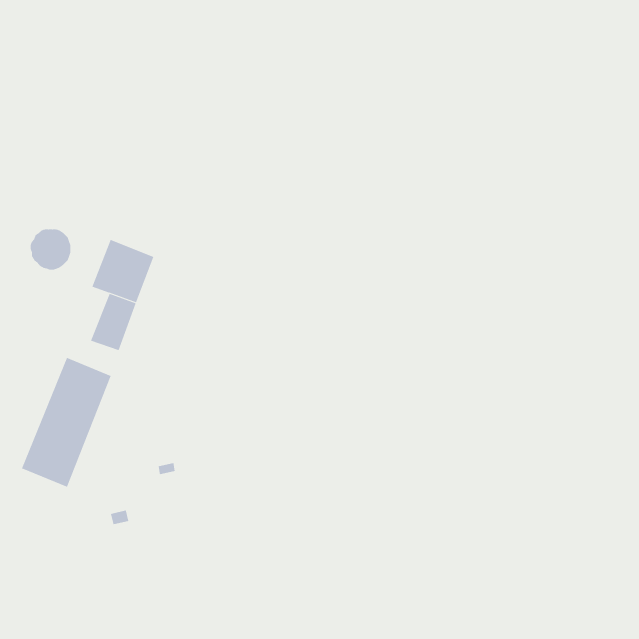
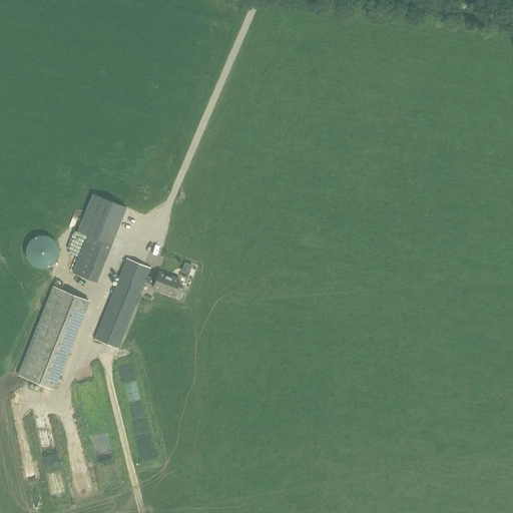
building: [30,229,71,270] -> [26,236,59,270]
building: none -> [94,258,179,348]

